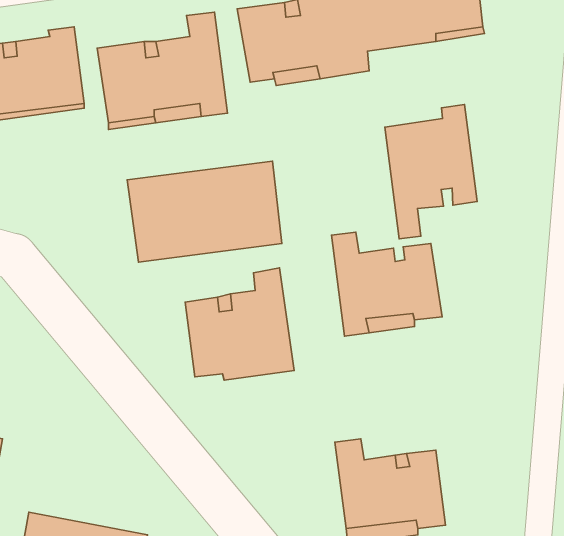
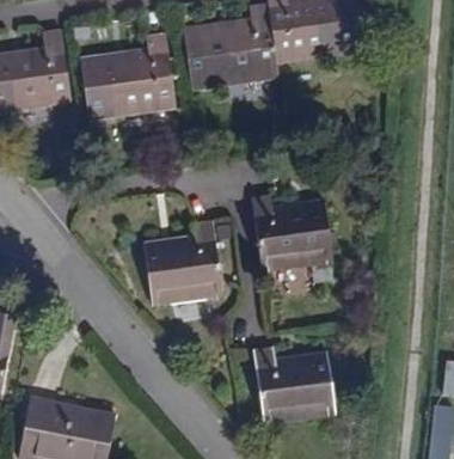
building: [385,105,477,239] -> none
building: [127,161,282,262] -> none

